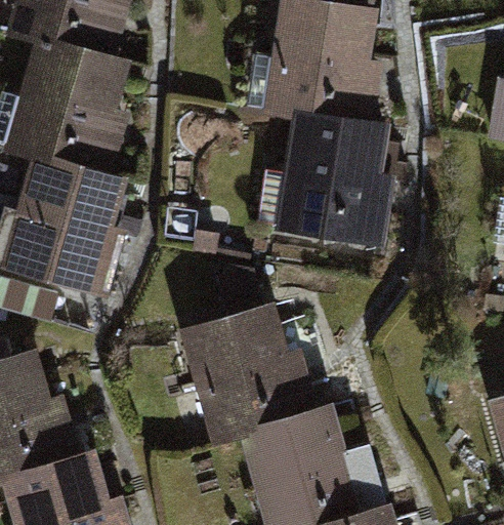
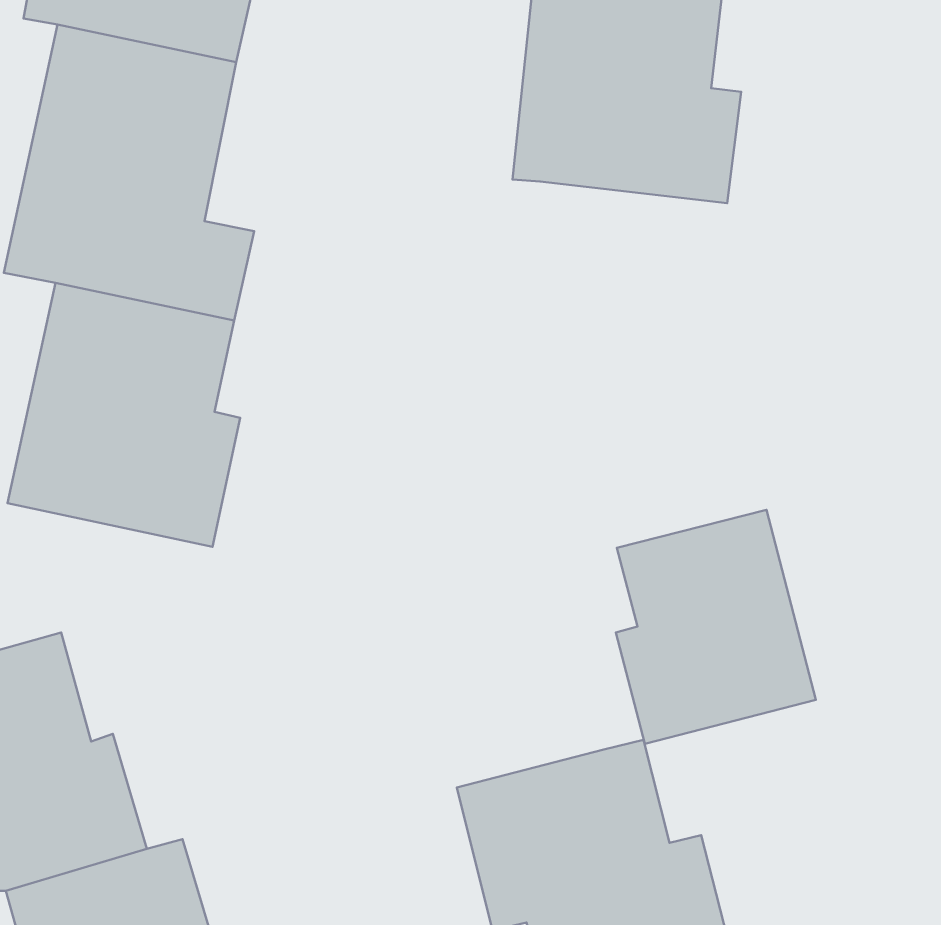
building: [265,117,397,254] -> none
building: [176,266,312,433] -> none
building: none -> [616,510,816,744]

